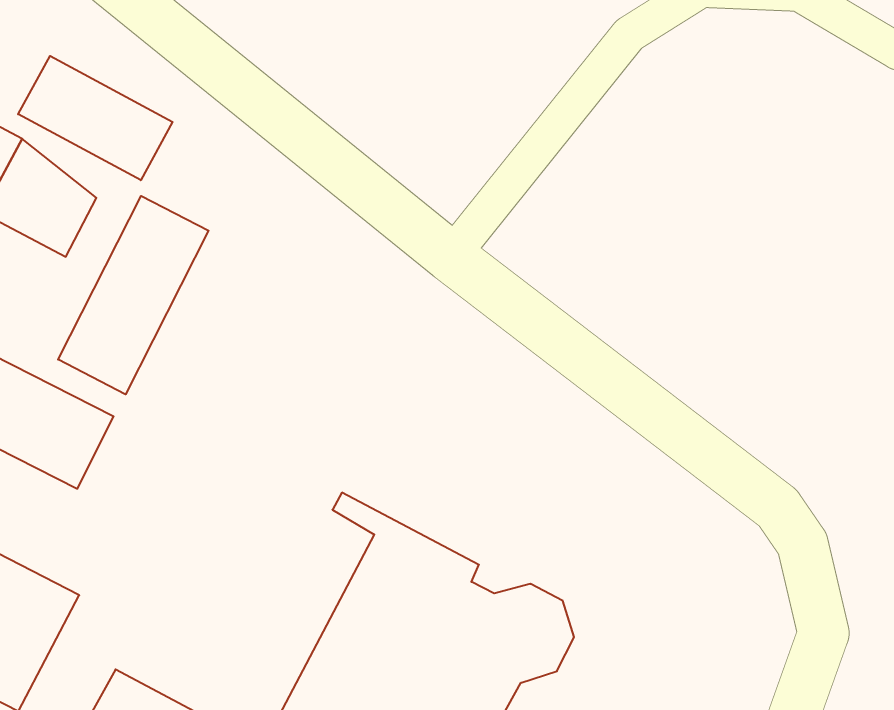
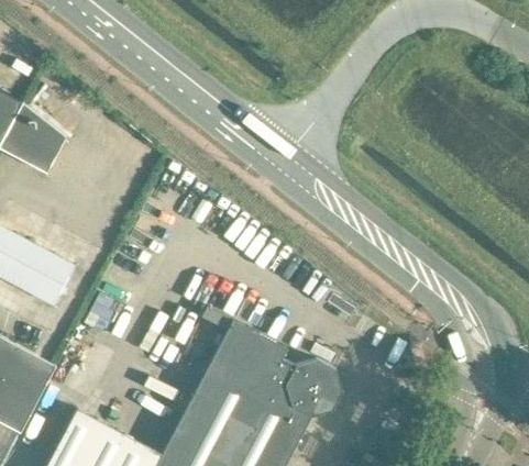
building: [18,56,173,180] -> none
building: [58,196,209,394] -> none

